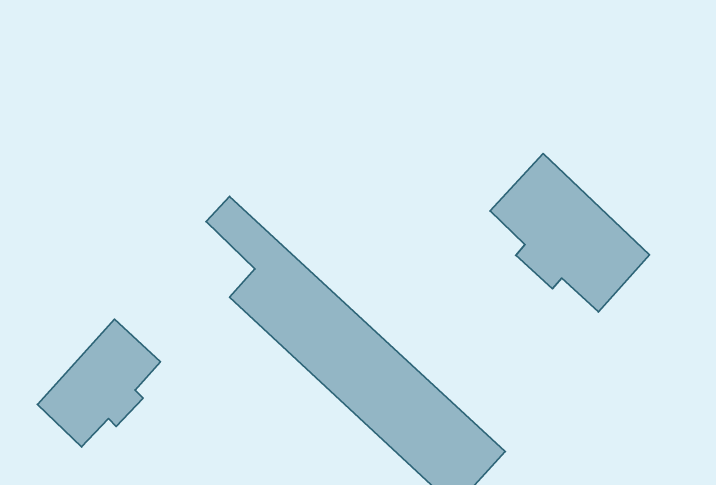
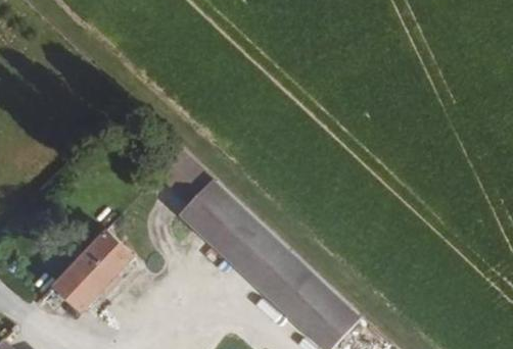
building: [490,154,649,312] -> none

